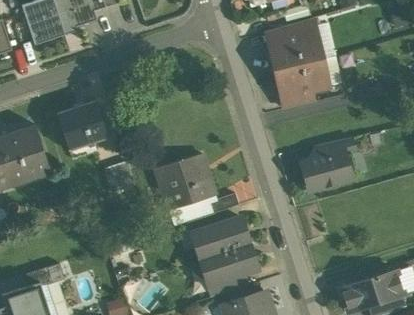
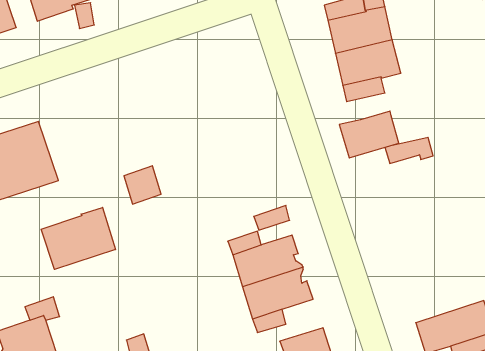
building: [56,101,107,147] -> none
building: [302,152,350,190] -> [339,111,399,158]
building: [155,154,215,211] -> none
building: none -> [41,207,115,269]

